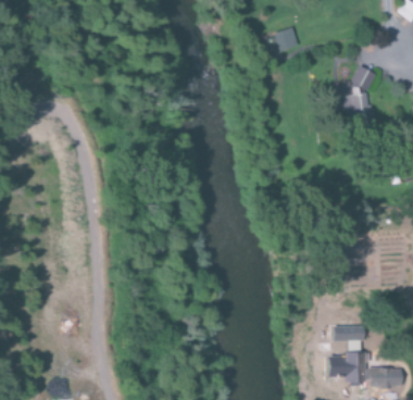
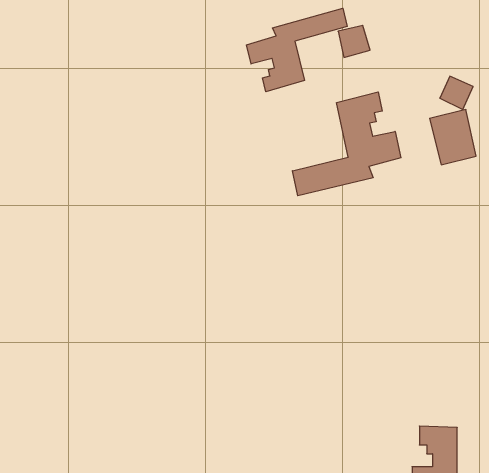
building: none -> [246,8,347,92]
building: none -> [292,92,401,196]

